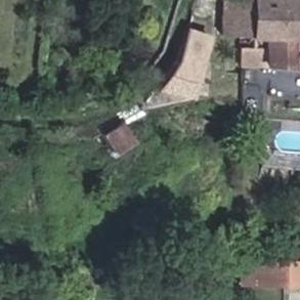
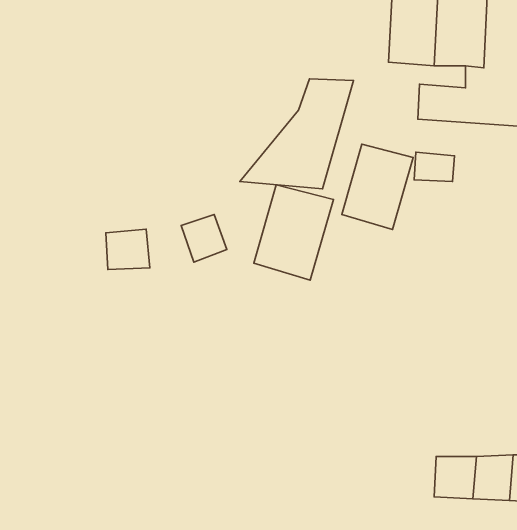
building: none -> [342,144,413,230]
building: none -> [254,185,333,280]

